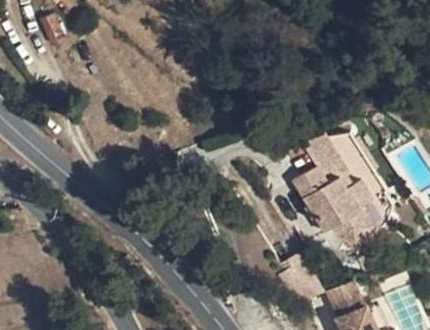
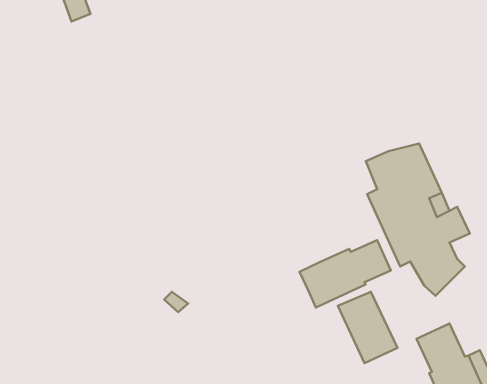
building: none -> [300,240,391,308]

